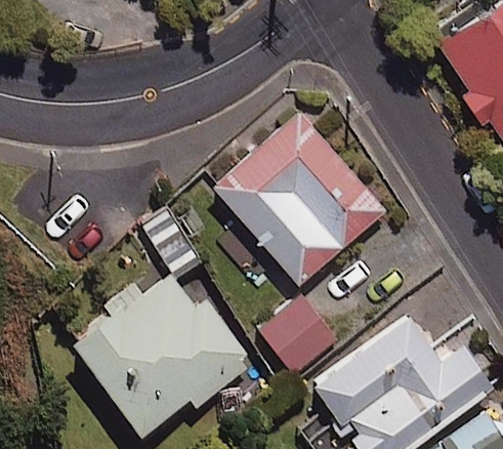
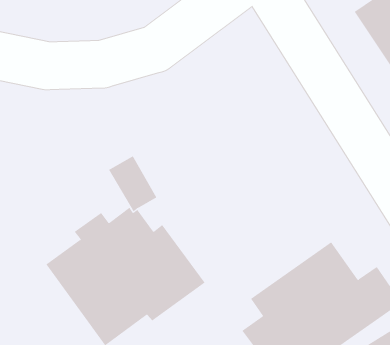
building: [214,113,384,284] -> none
building: [257,295,337,374] -> none

